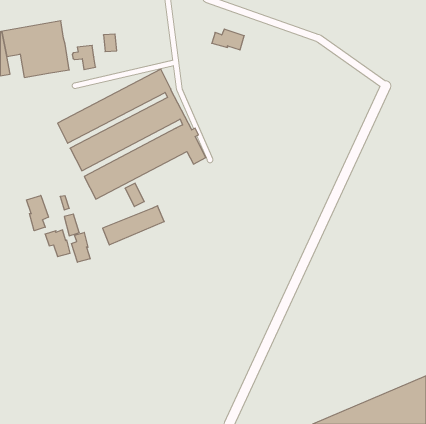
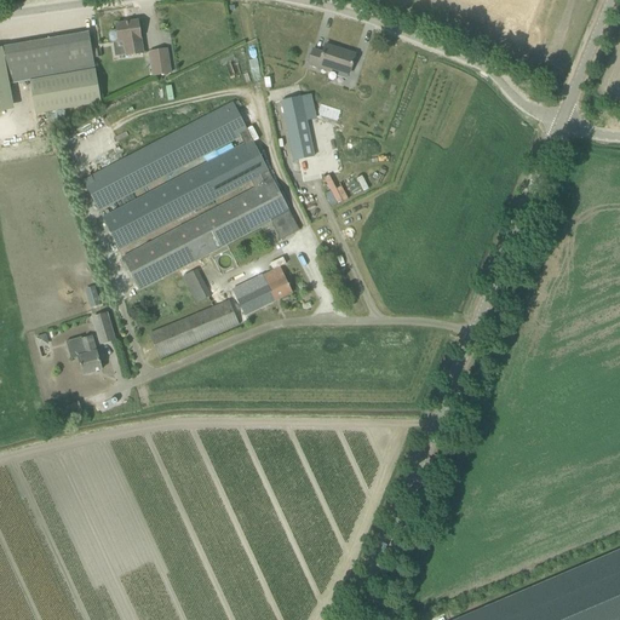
building: [72,45,96,70] -> [109,19,143,54]
building: none -> [282,96,314,159]
building: none -> [229,265,293,322]
building: [26,195,48,231] -> none
building: [72,232,90,262] -> none

